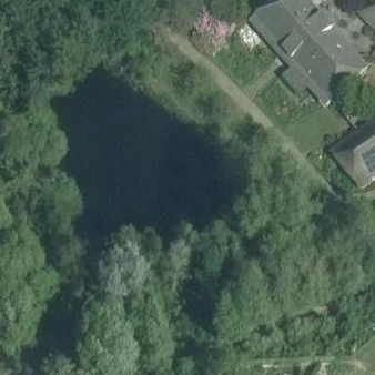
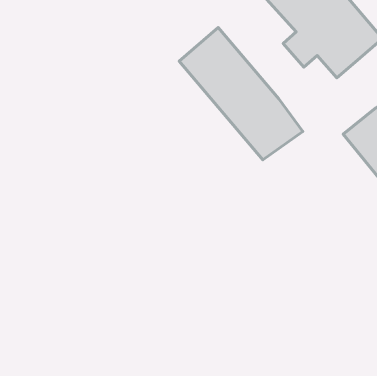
building: none -> [179,27,303,160]

